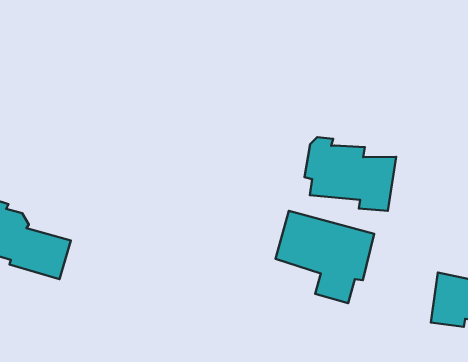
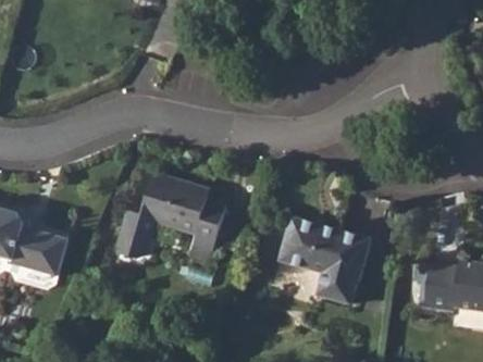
building: [305,137,396,211] -> none
building: none -> [119,178,222,263]

